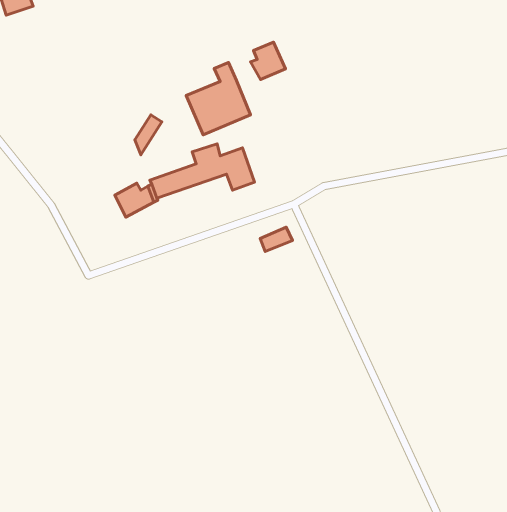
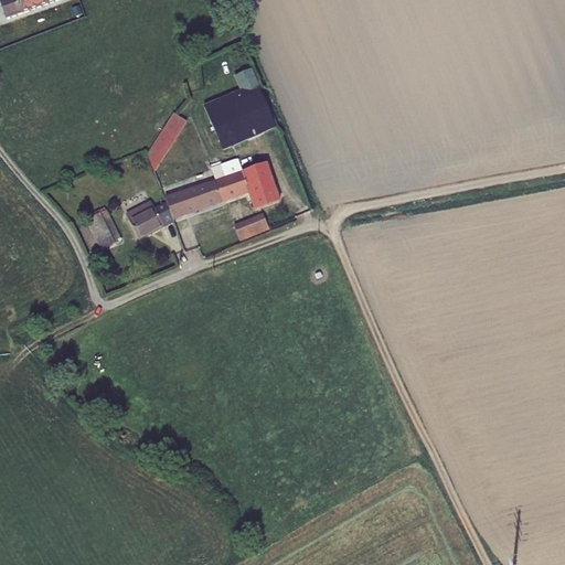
building: [251,42,286,80] -> none
building: none -> [87,209,121,248]
building: [260,227,292,251] -> [234,213,269,239]

